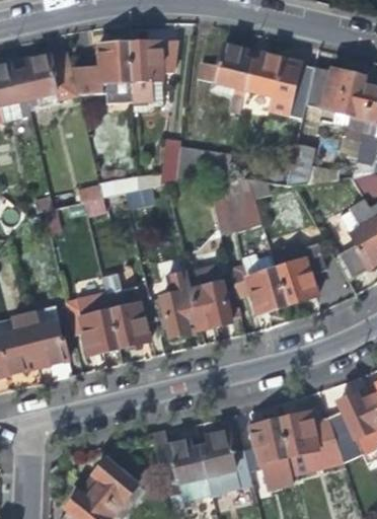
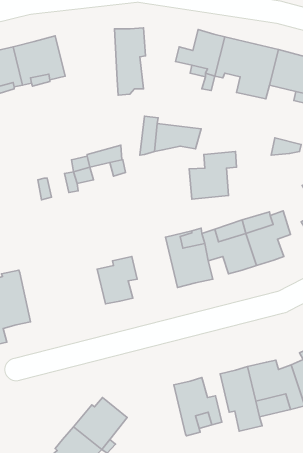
building: [73,41,134,99] -> none
building: [151,273,201,336] -> none
building: [66,291,121,354] -> none
building: [23,298,73,379] -> none
building: [149,430,210,508] -> none

